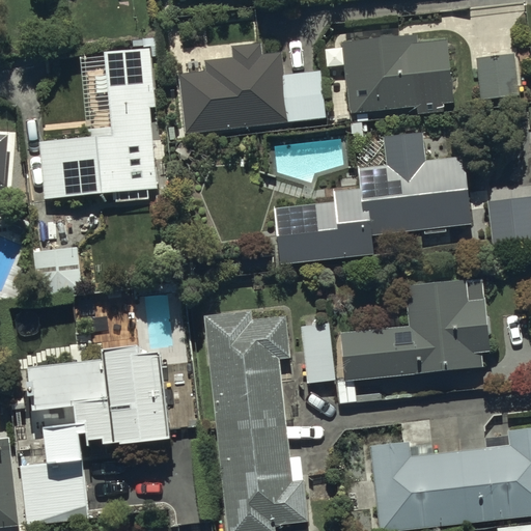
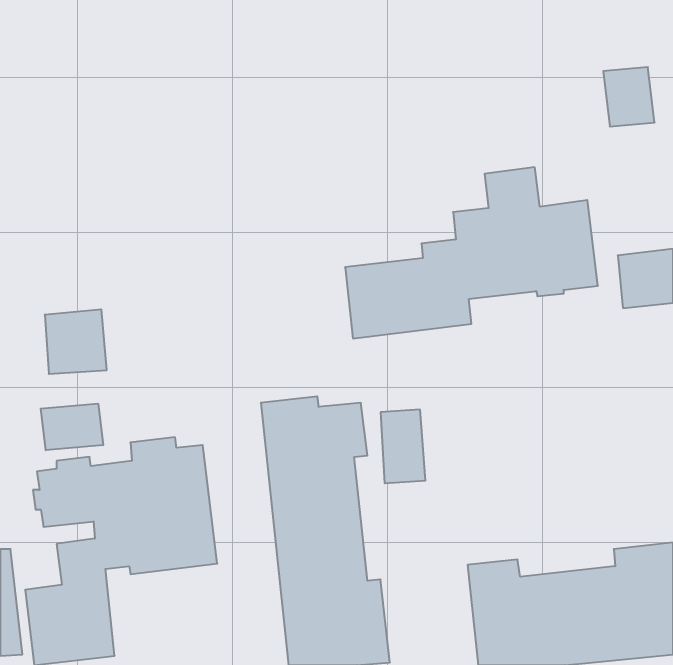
building: [341,35,452,112] -> none
building: [179,43,324,133] -> none
building: [34,48,159,203] -> none
building: [336,279,486,401] -> none
building: none -> [41,404,103,450]

